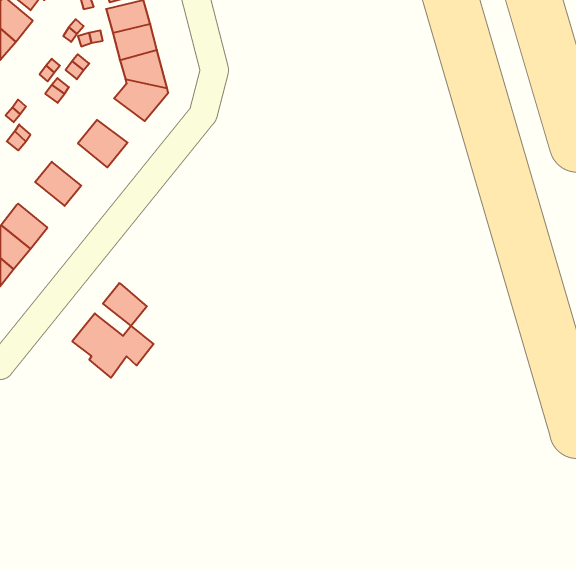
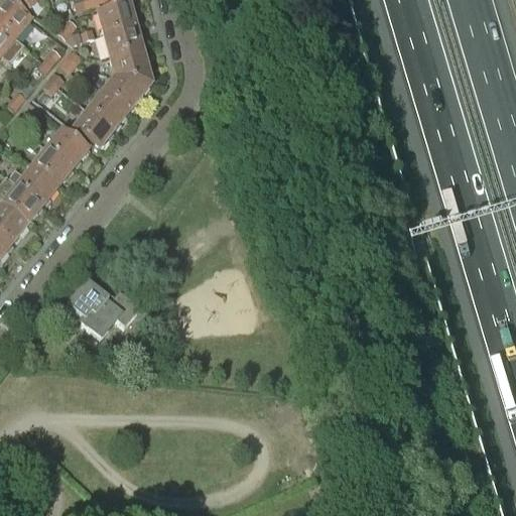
building: none -> [88,88,130,127]
building: none -> [47,127,88,165]
building: none -> [8,162,58,203]
building: [103,283,147,326] -> none

